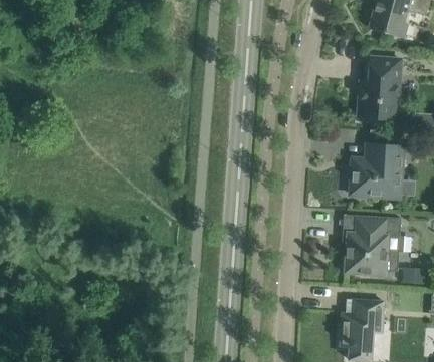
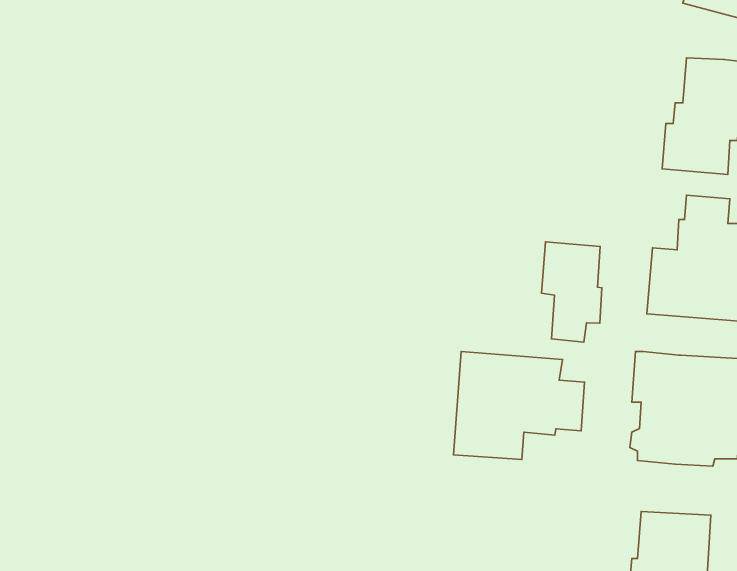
building: none -> [541,242,602,342]
building: none -> [453,351,585,460]

